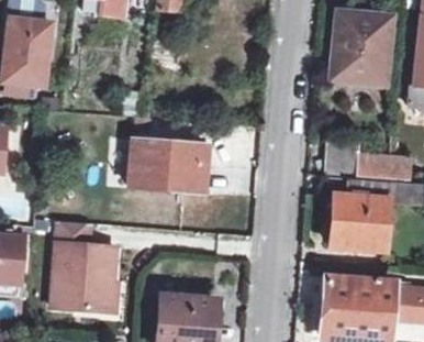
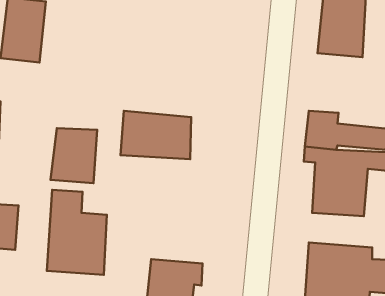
building: none -> [51,128,97,183]

